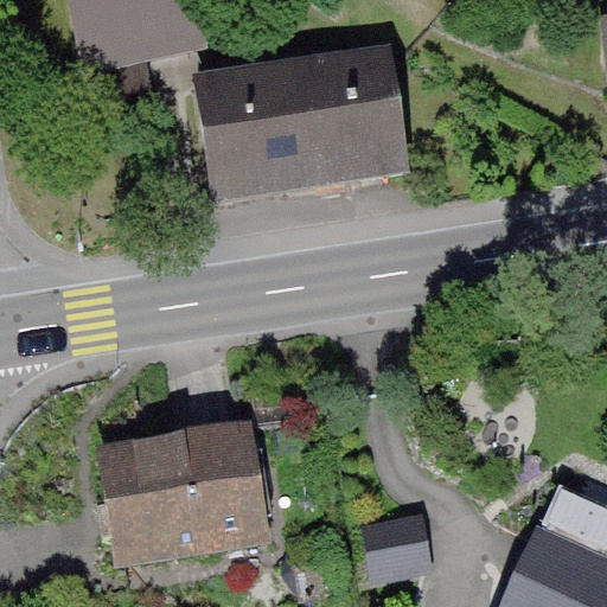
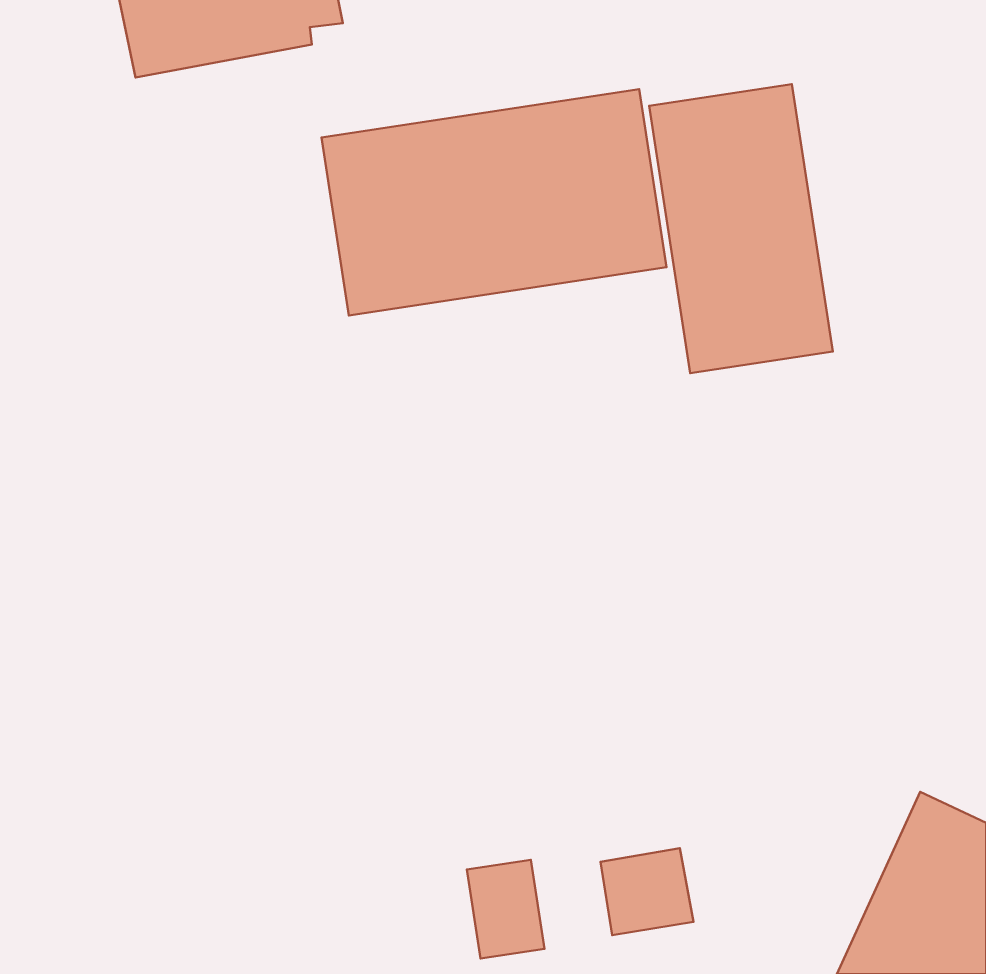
building: none -> [649,84,833,373]
building: [109,432,260,556] -> none

